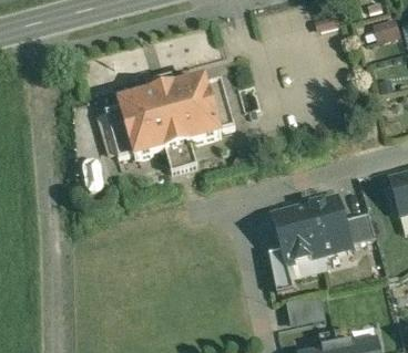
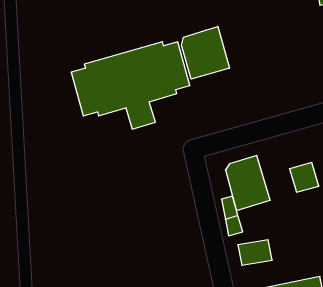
building: none -> [181,26,229,79]
building: [308,195,351,252] -> none

